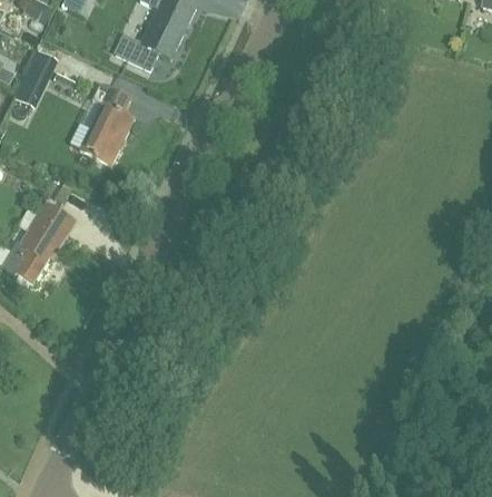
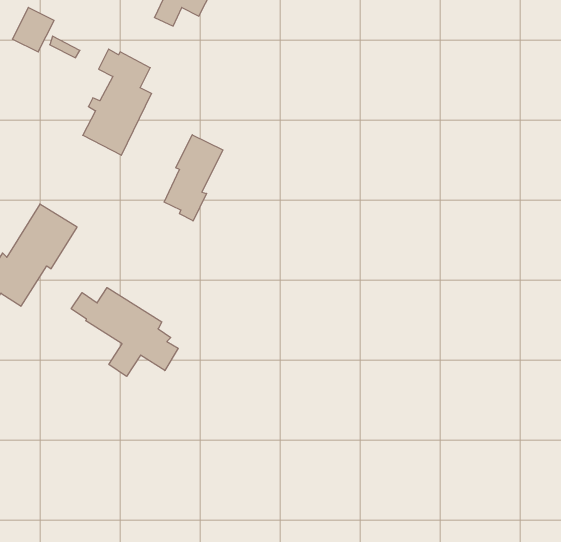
building: none -> [164,135,223,221]
building: none -> [71,288,178,376]

